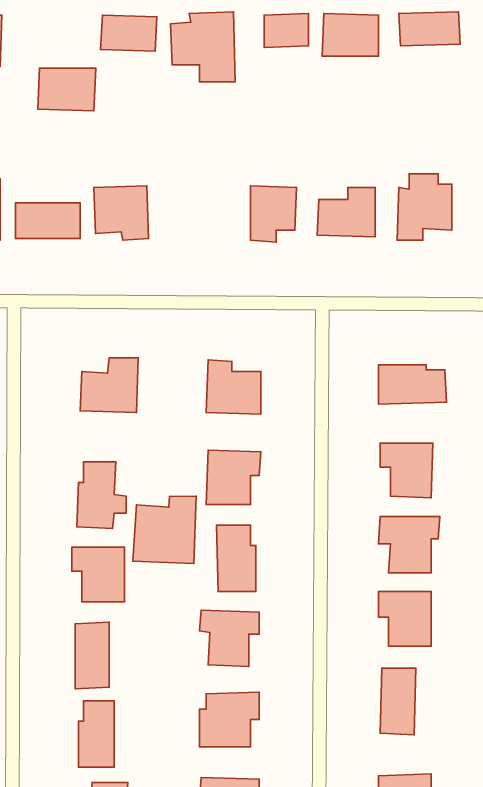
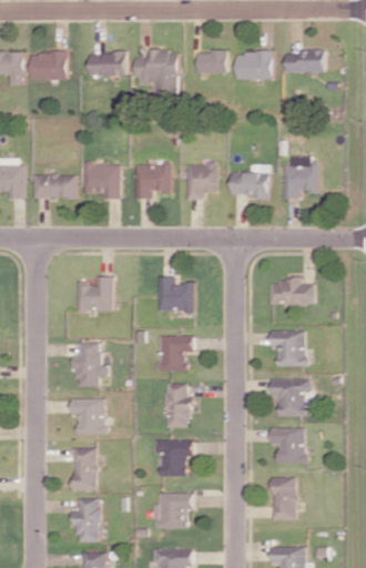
building: [38,68,96,111] -> [31,52,69,80]
building: none -> [135,163,172,199]
building: [133,496,196,563] -> none

